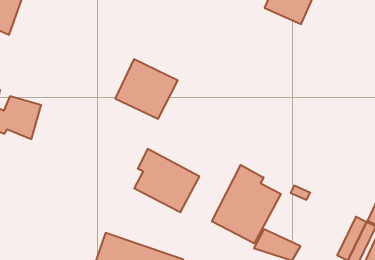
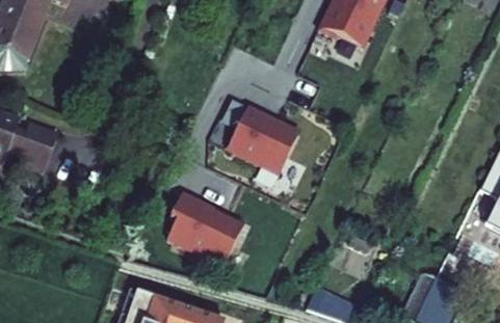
building: [115,59,178,119] -> [227,103,299,172]
building: [212,165,281,244] -> none

